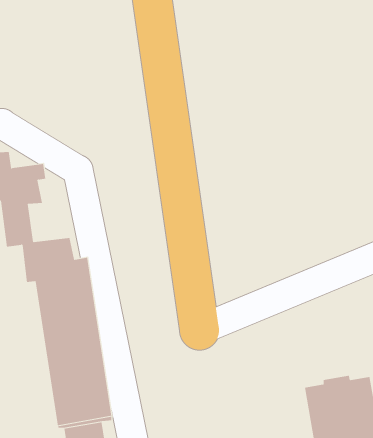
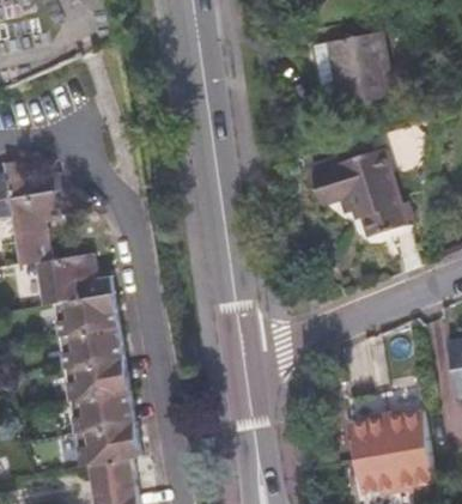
building: none -> [328,29,390,102]
building: none -> [318,147,409,236]

